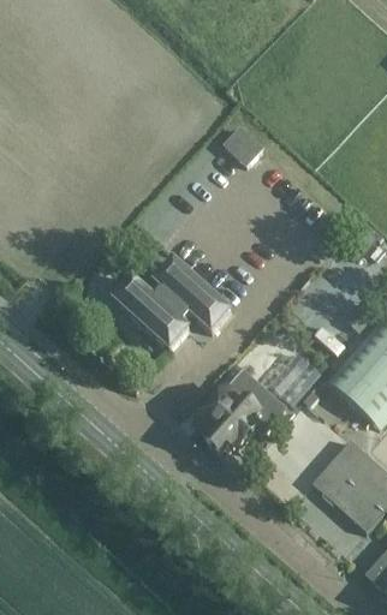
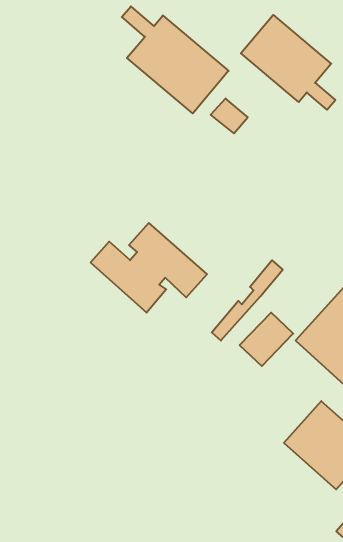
building: none -> [122,6,229,113]
building: none -> [241,15,335,110]
building: [195,388,279,458] -> none

